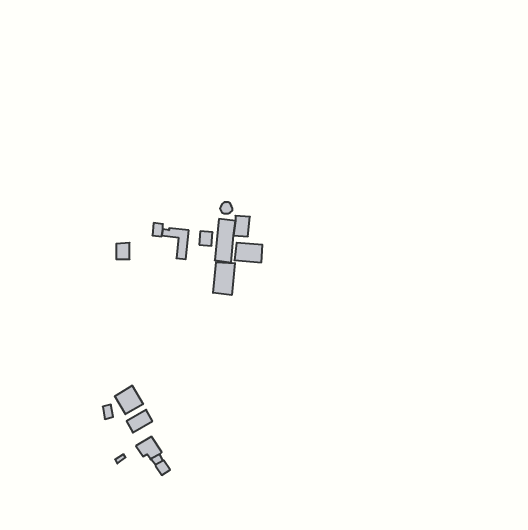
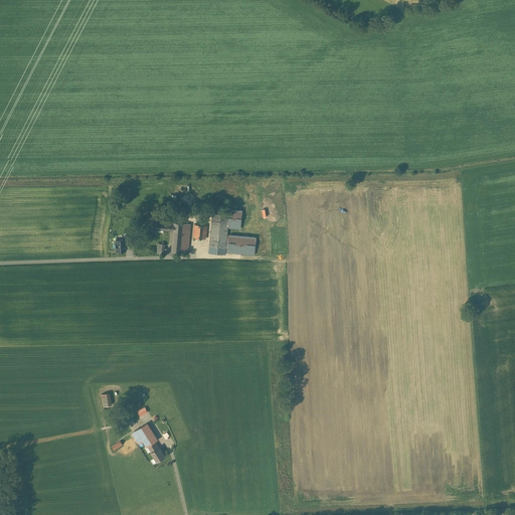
building: [213,262,235,295] -> none
building: [115,385,143,414] -> none

